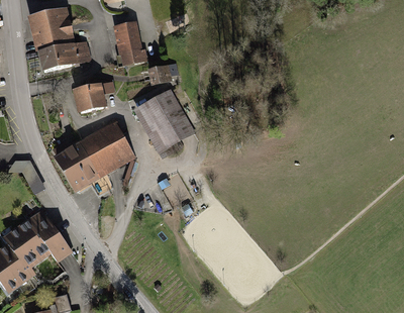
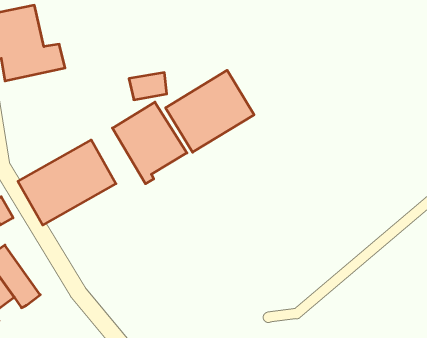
building: [113,19,148,65] -> none
building: none -> [166,70,254,152]
building: [73,81,116,113] -> none

